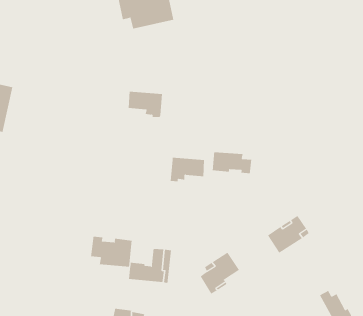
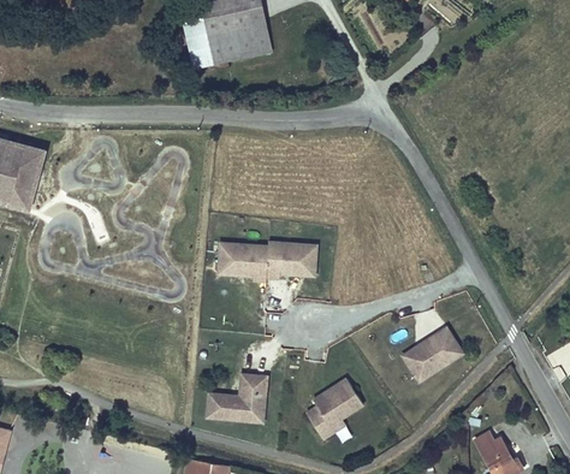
building: [128,91,163,118] -> [218,244,267,282]
building: [212,152,252,174] -> none
building: [91,236,132,267] -> none

